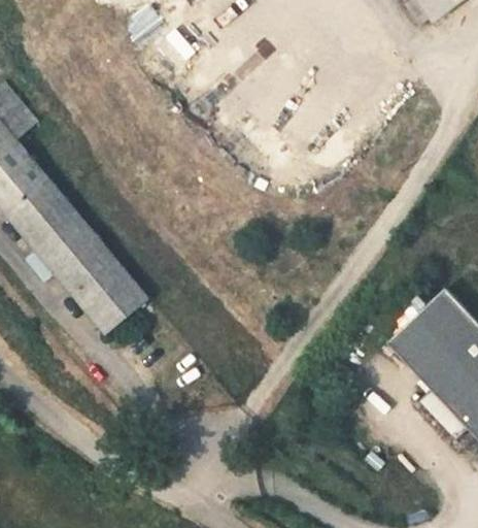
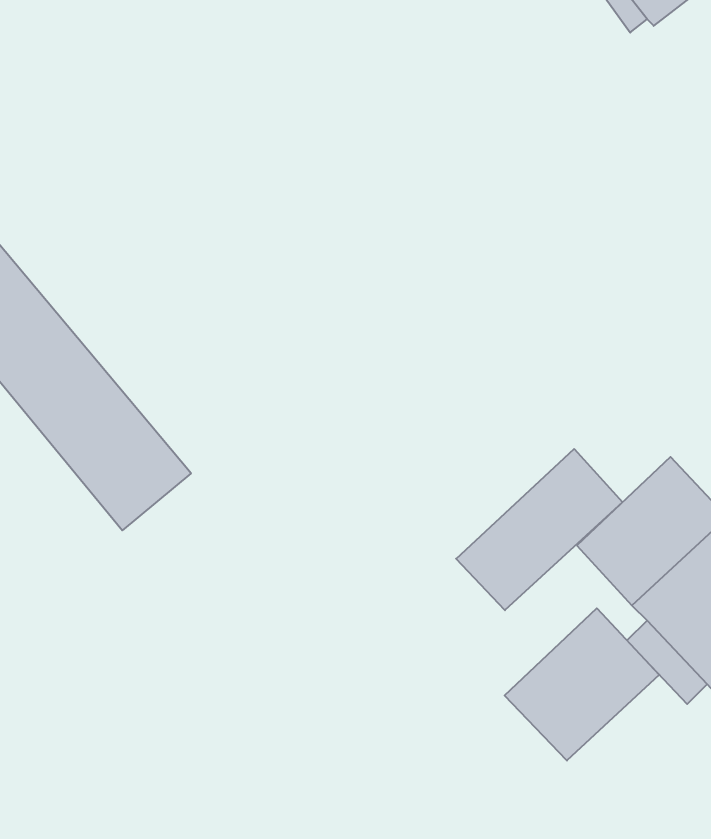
building: none -> [456,449,623,610]
building: none -> [505,608,659,761]

